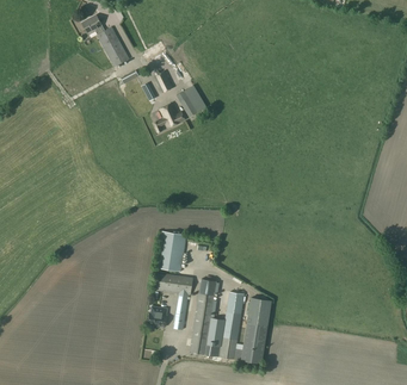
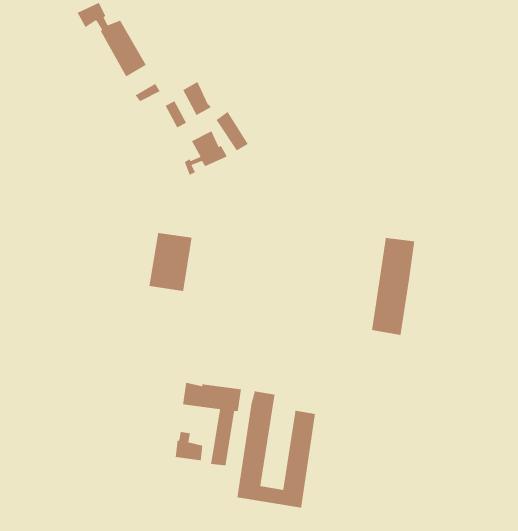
building: [156,230,186,271] -> [149,232,193,292]
building: [241,296,271,362] -> [371,237,415,336]

